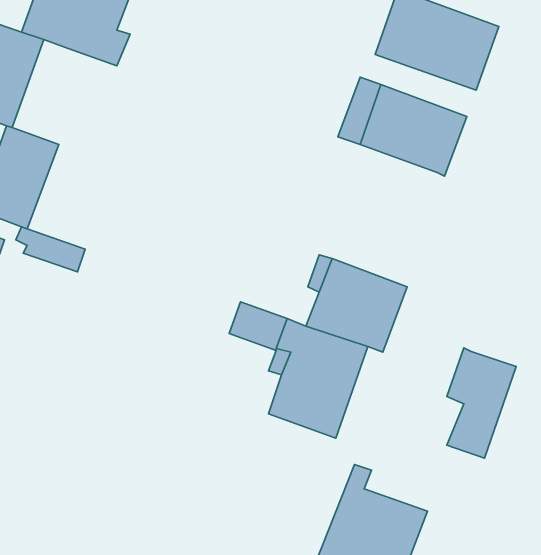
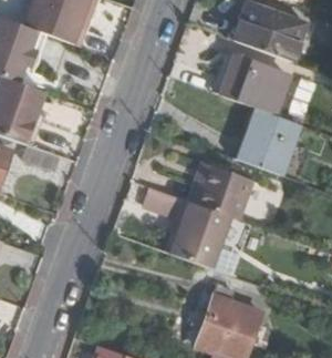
building: [447,348,516,458] -> [258,111,299,176]

